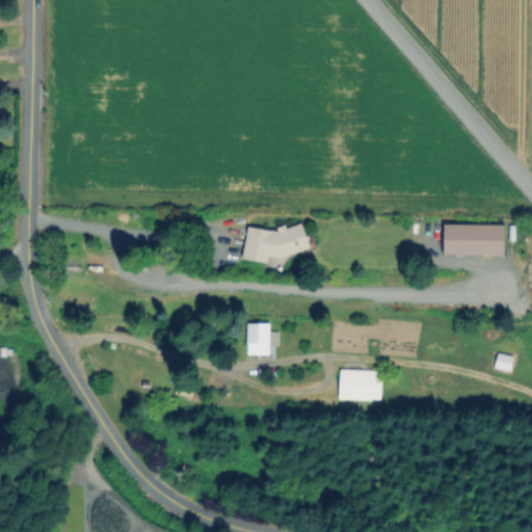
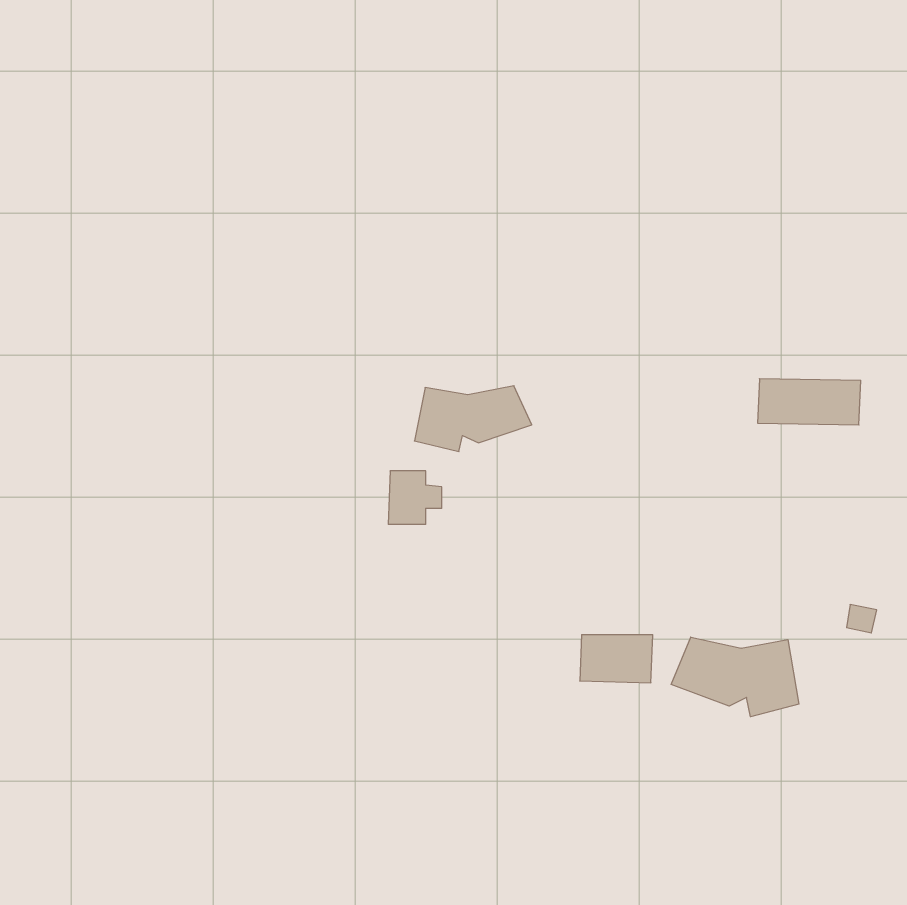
building: [248,324,280,355] -> [388,471,442,524]
building: none -> [671,637,799,717]

